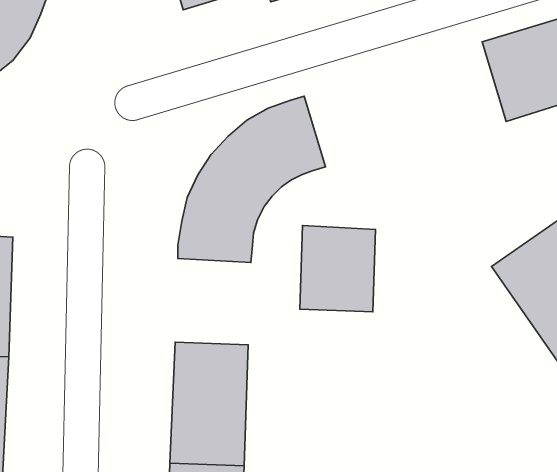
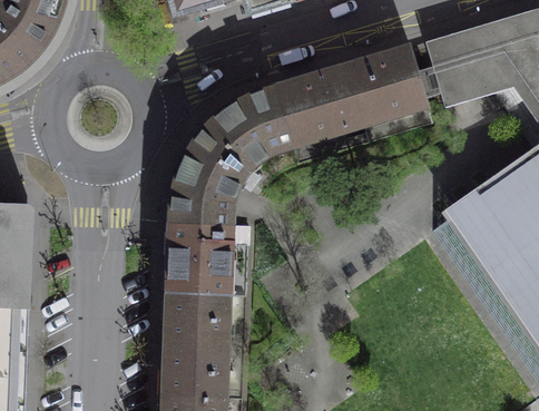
building: none -> [276,46,428,145]
building: [300,225,376,312] -> [168,222,232,294]

